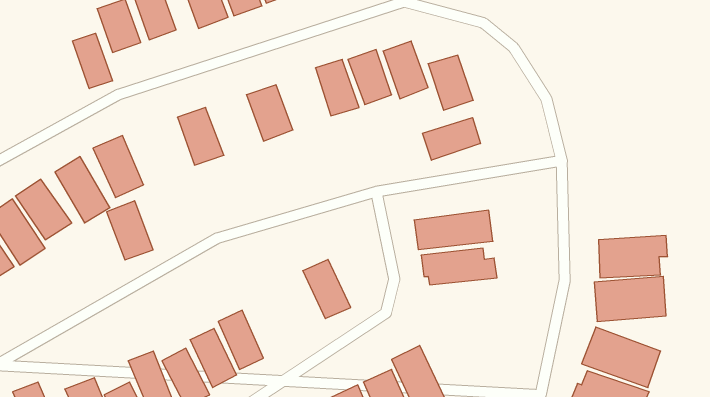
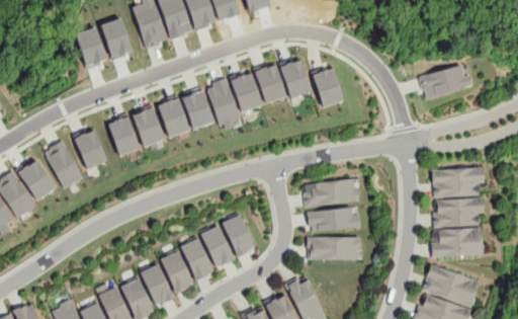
building: [72,33,113,89] -> none
building: none -> [418,64,471,97]
building: none -> [207,76,241,124]
building: none -> [157,94,190,137]
building: [422,118,480,160] -> none
building: none -> [433,168,482,197]
building: [107,201,153,260] -> [106,112,140,155]
building: none -> [201,224,235,266]
building: none -> [180,237,213,280]
building: none -> [307,237,360,259]

